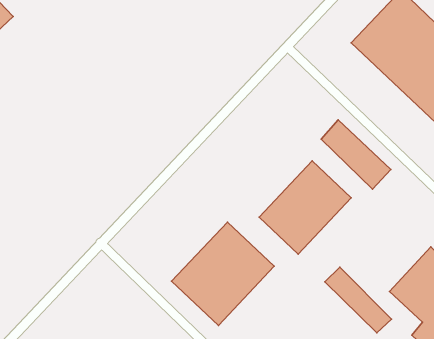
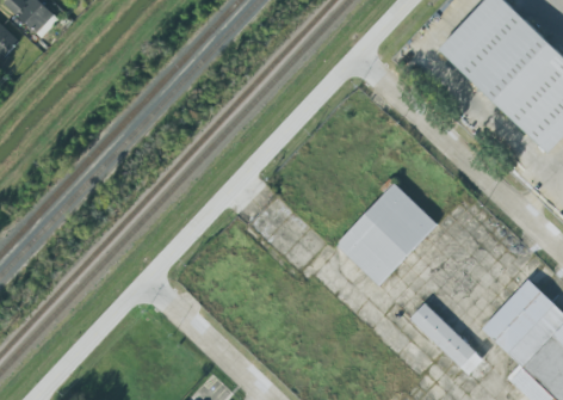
building: [321,120,391,189] -> none
building: [172,222,274,325] -> none

